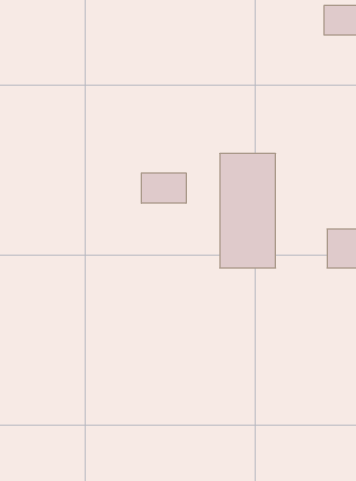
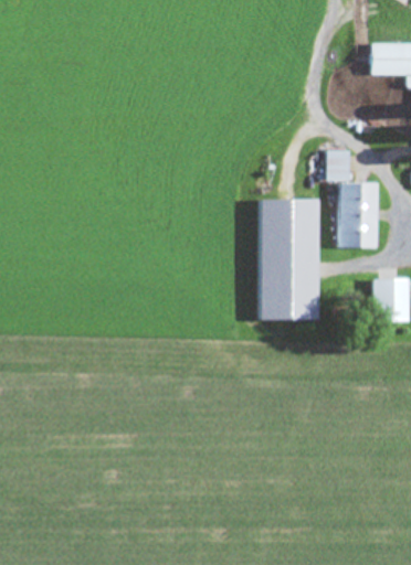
building: none -> [327,149,378,247]
building: [141,173,186,203] -> none

